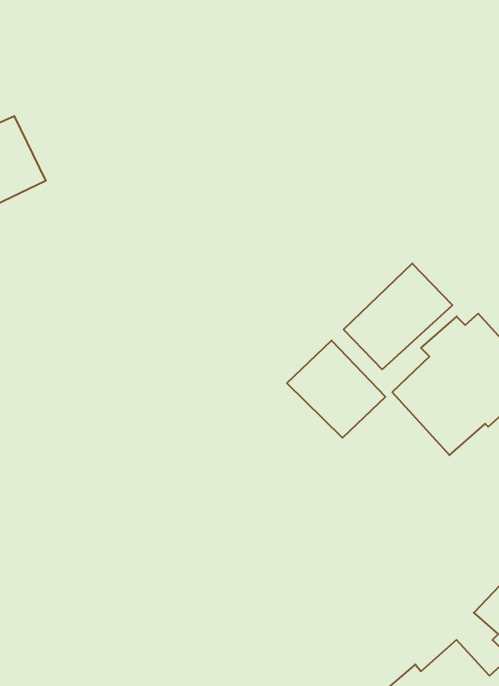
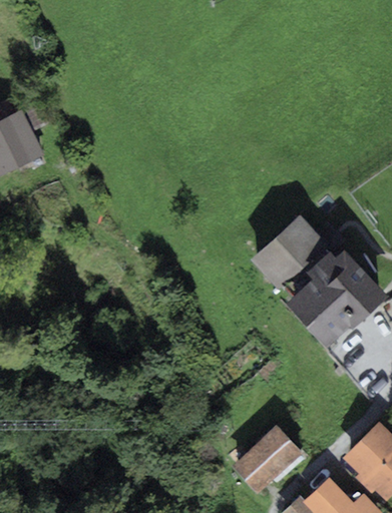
building: [287,340,385,438] -> none
building: none -> [233,427,302,494]

